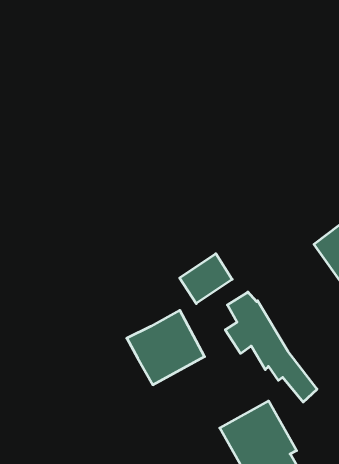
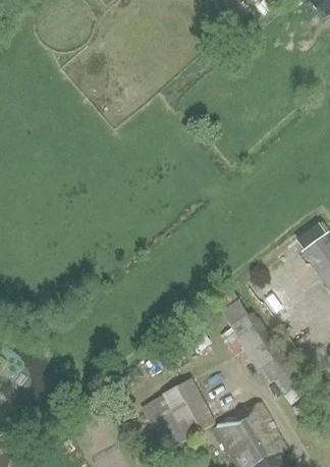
building: [180,254,232,304] -> none
building: [127,310,205,385] -> [142,377,215,448]

